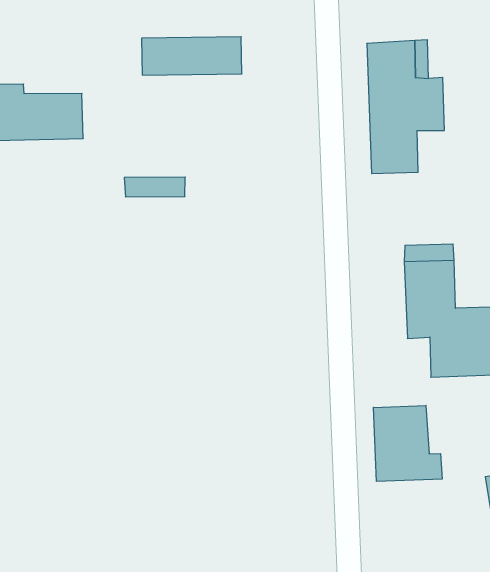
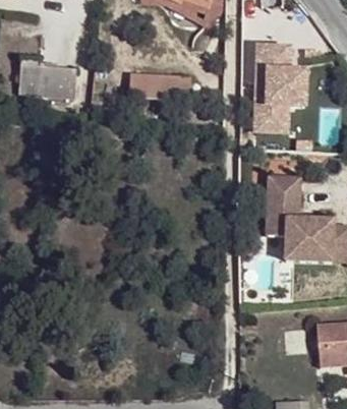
building: [142,37,242,75] -> [128,73,192,100]
building: [373,405,442,481] -> none

